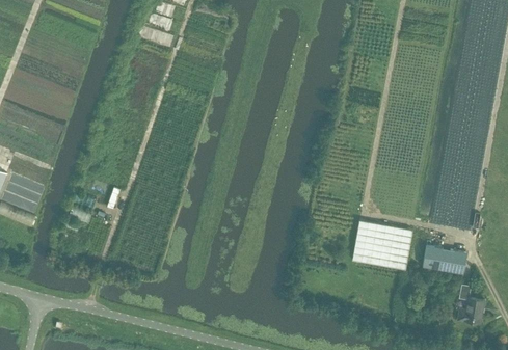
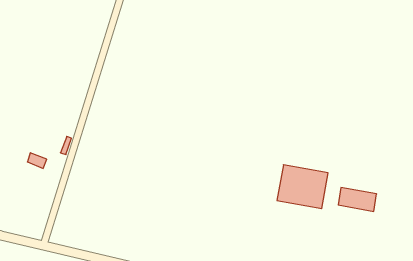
building: [456,285,483,323] -> none

